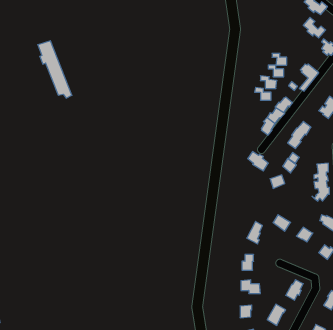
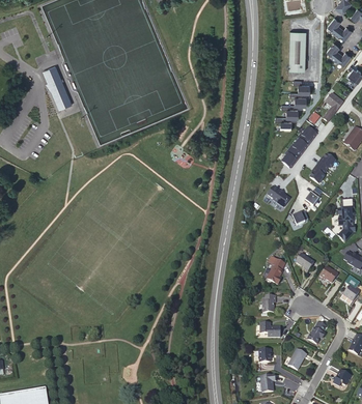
building: none -> [288,31,306,71]

